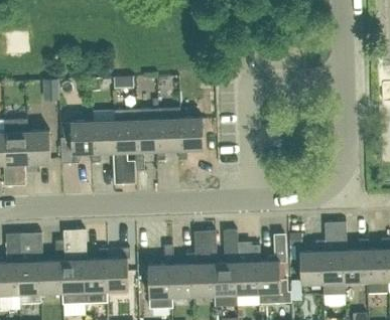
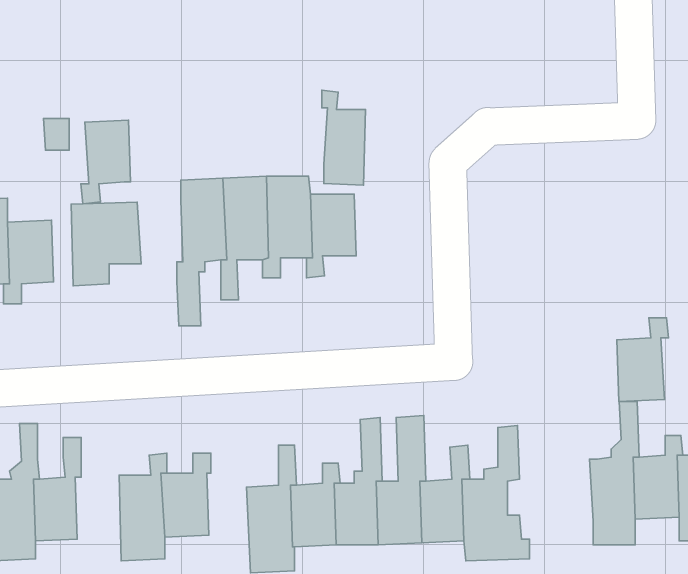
building: none -> [322,90,365,185]
building: [91,121,116,163] -> [81,120,131,204]
building: [61,229,87,304] -> none
building: [299,242,326,284] -> [617,318,669,401]

